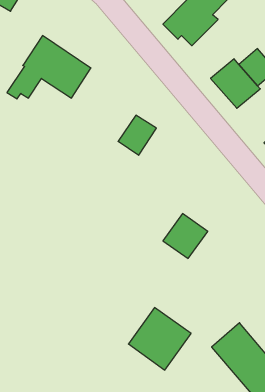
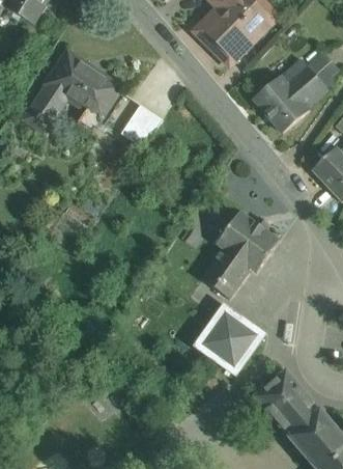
building: [118,115,156,155] -> [120,104,163,148]
building: none -> [217,211,279,272]
building: [128,308,191,370] -> [195,305,264,375]

